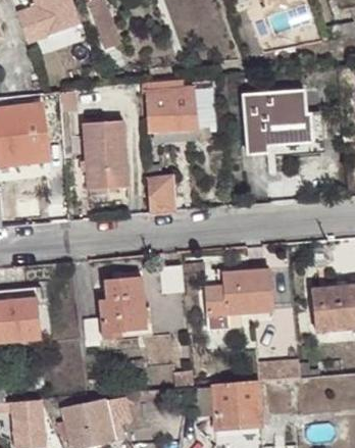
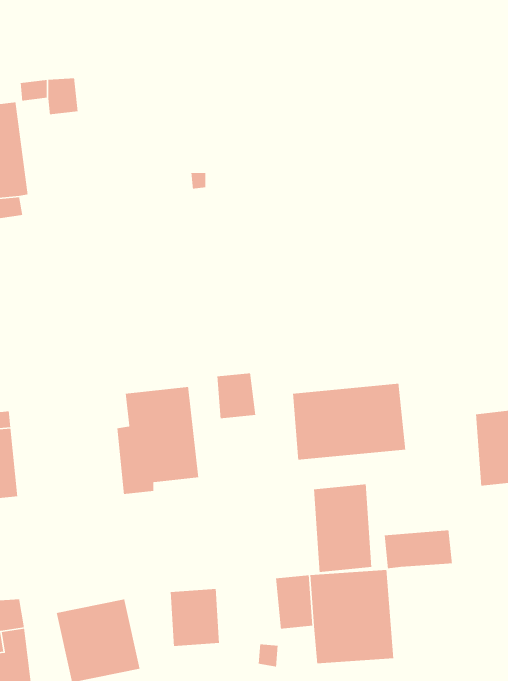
building: [146,89,196,133] -> none
building: [243,89,307,153] -> none
building: [81,122,126,191] -> none
building: [146,178,173,214] -> none
building: none -> [313,484,372,573]

